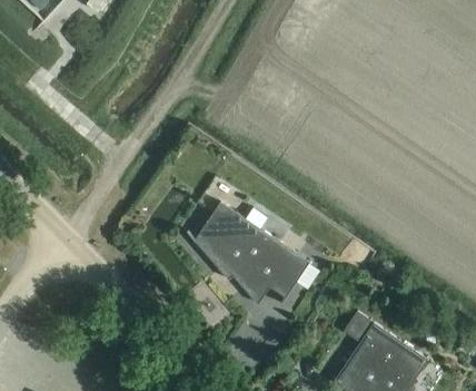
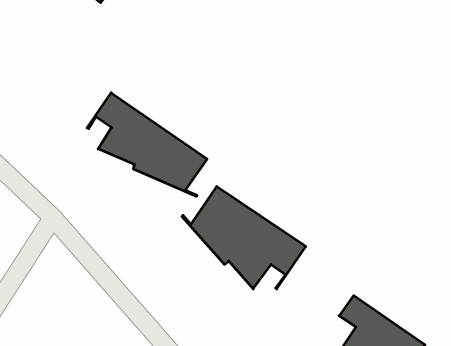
building: none -> [87,93,207,196]

